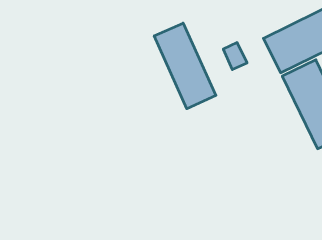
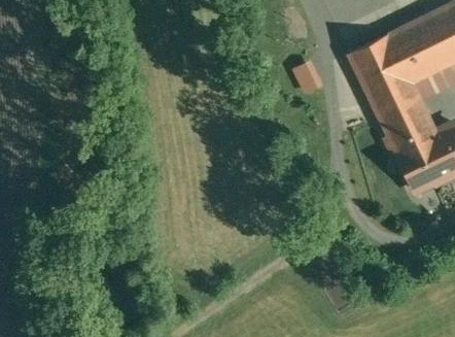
building: [154,23,216,109] -> none

